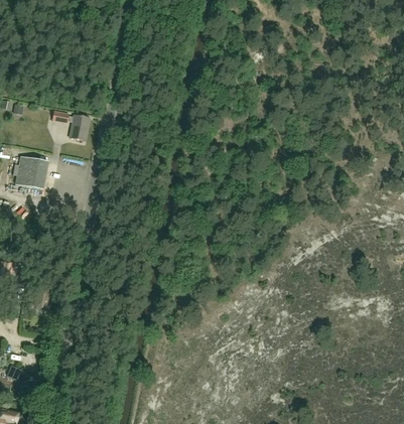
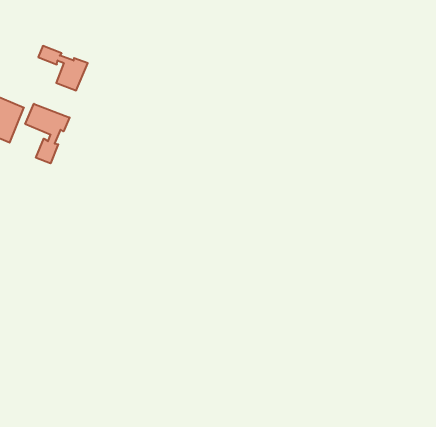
building: none -> [25,104,70,163]

